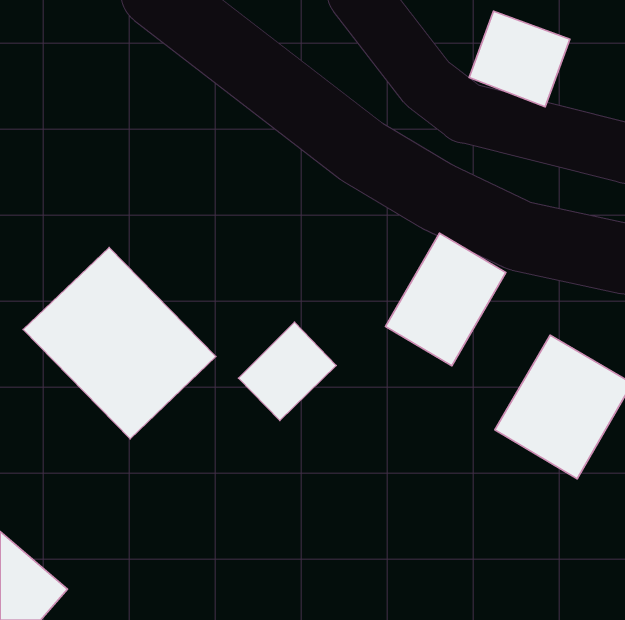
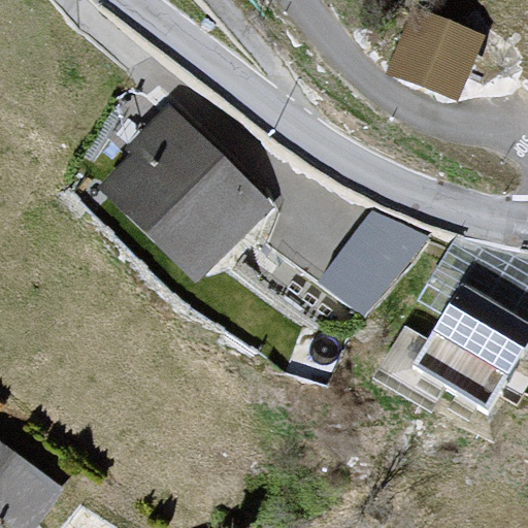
building: [23,247,216,439] -> [103,122,265,283]
building: [238,322,336,420] -> none

